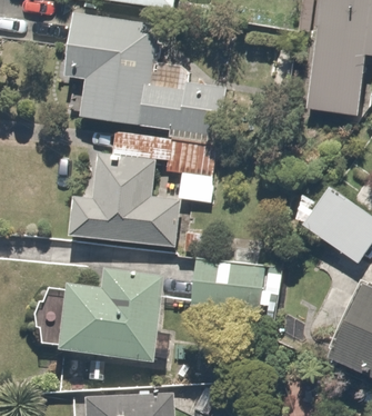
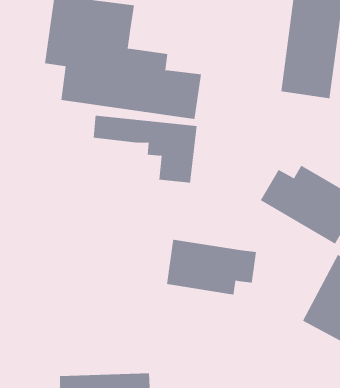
building: [69,159,180,246] -> none
building: [30,268,171,365] -> none

